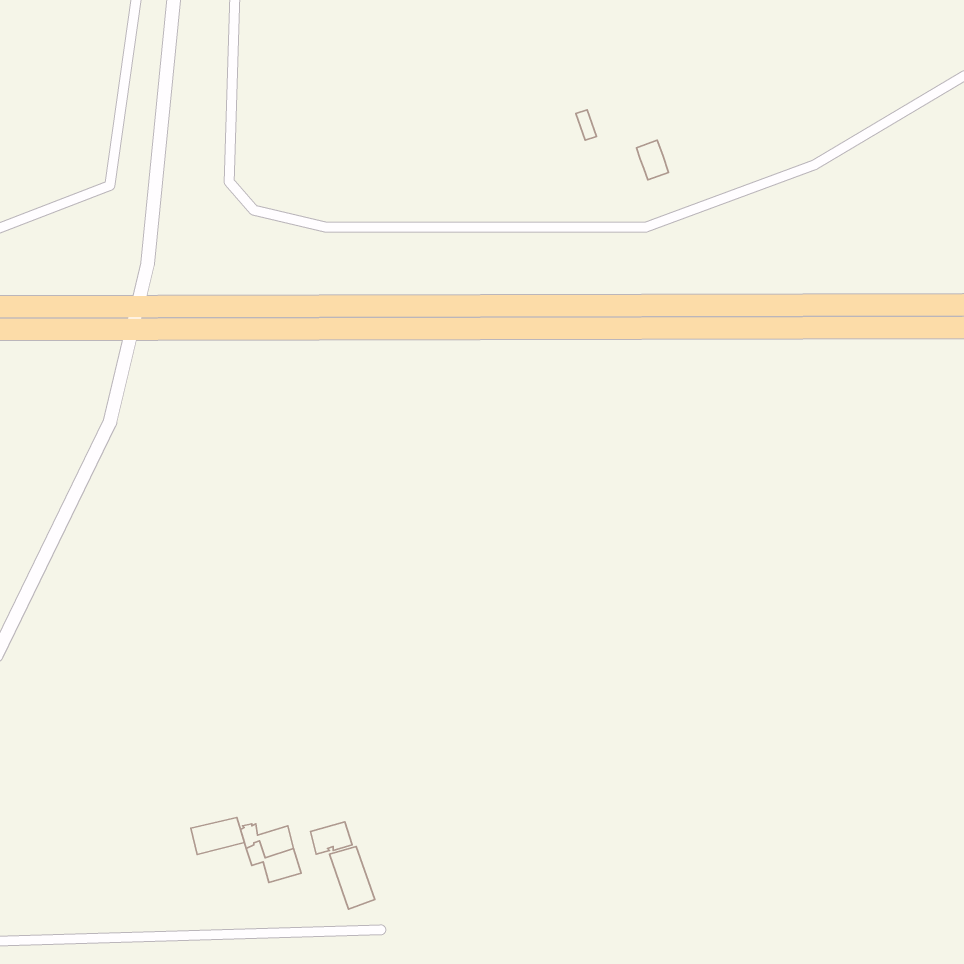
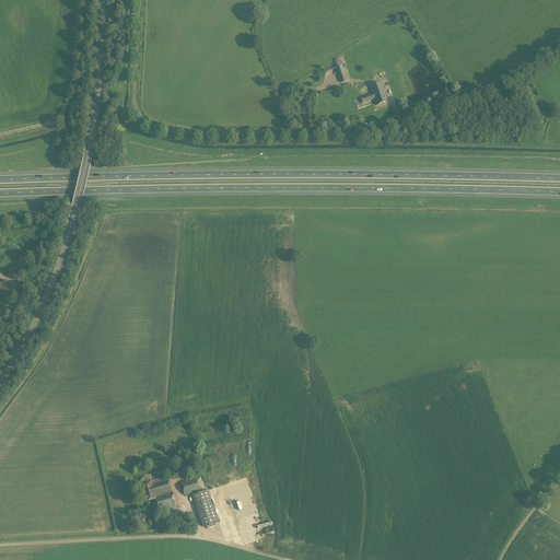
building: [191,817,244,854] -> none

